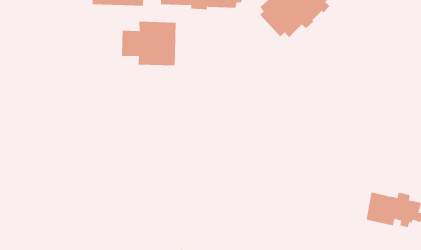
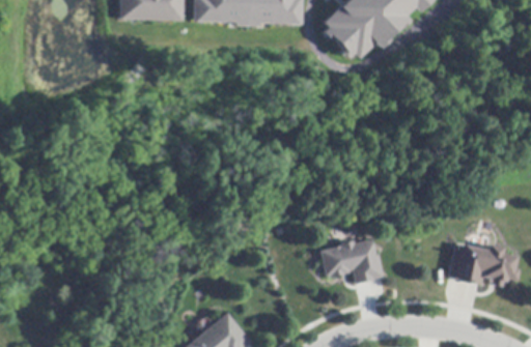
building: [121,21,176,66] -> none
building: none -> [322,238,384,284]

